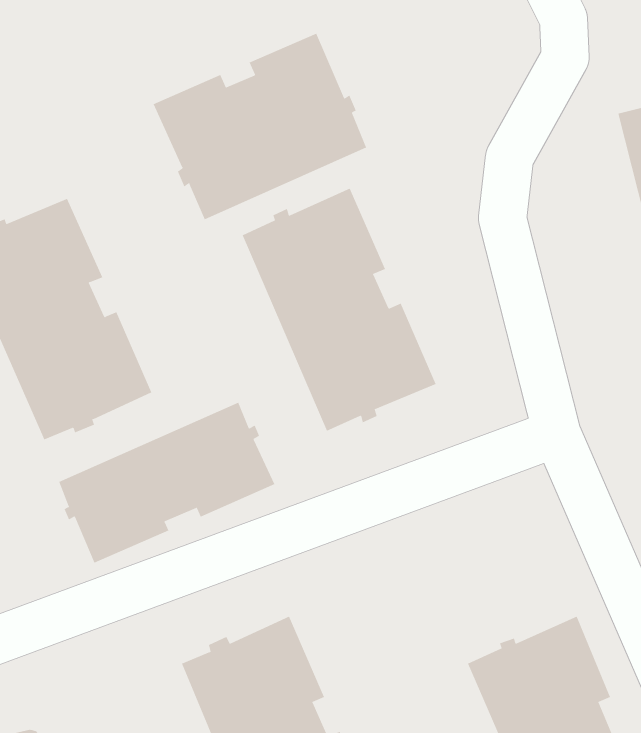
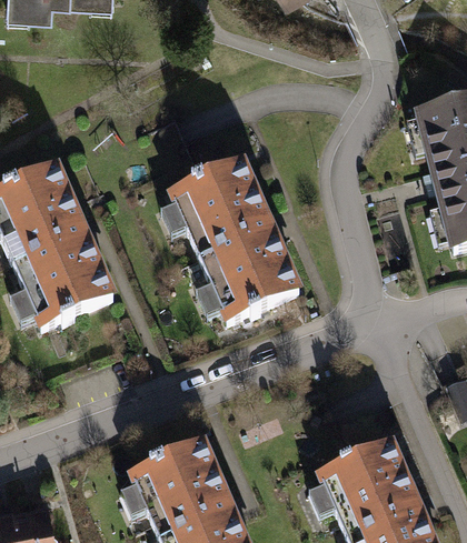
building: [153,33,367,220] -> none
building: [58,402,275,563] -> none

